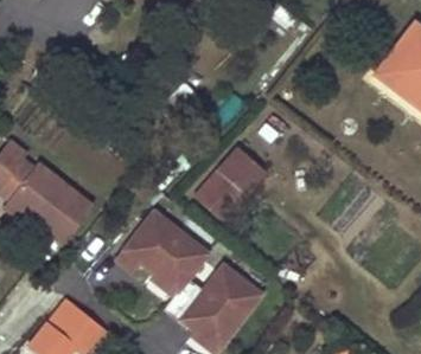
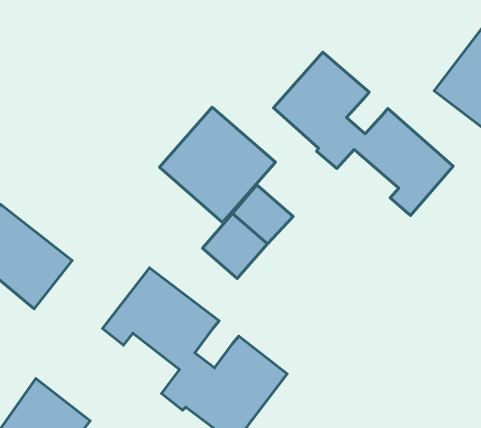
building: none -> [273,52,453,215]
building: none -> [159,107,275,222]

